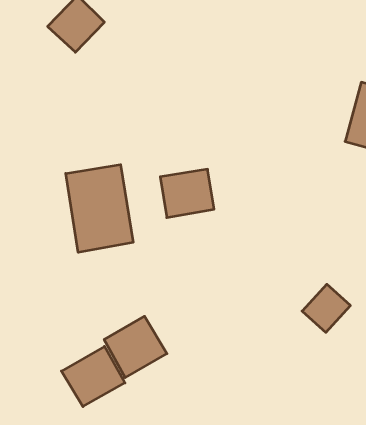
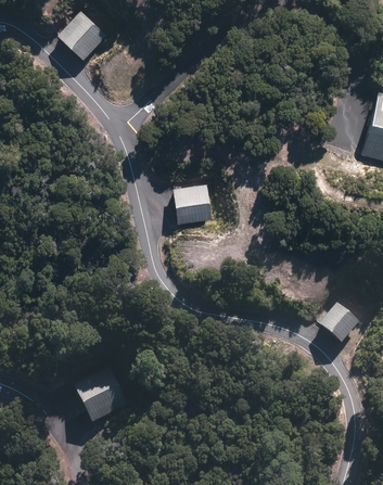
building: [66,165,133,252] -> none
building: [104,316,167,378] -> none

